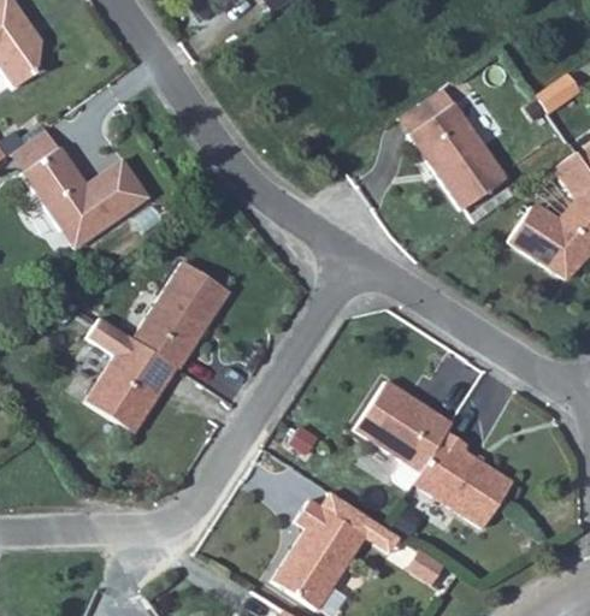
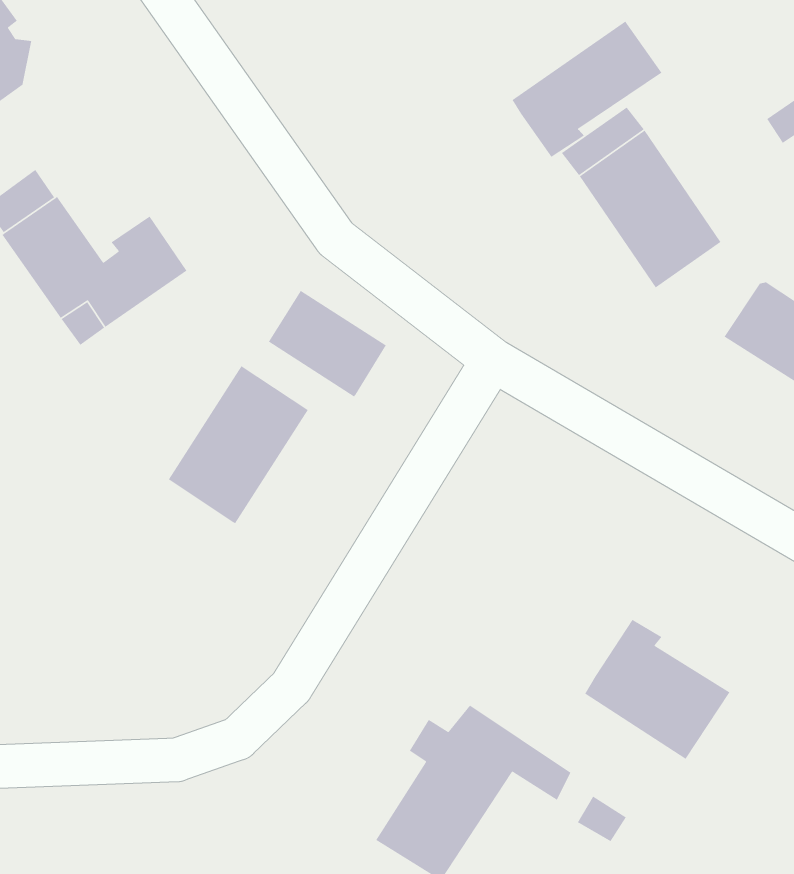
building: none -> [512,21,662,158]
building: none -> [268,290,387,397]
building: [85,318,177,432] -> none
building: [355,380,453,488] -> none

